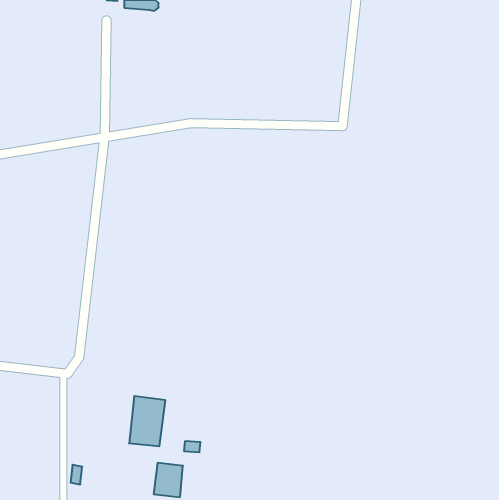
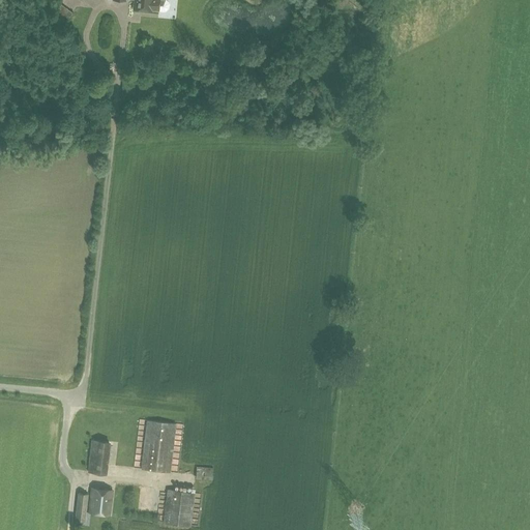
building: none -> [88,439,110,474]
building: none -> [88,488,111,514]

